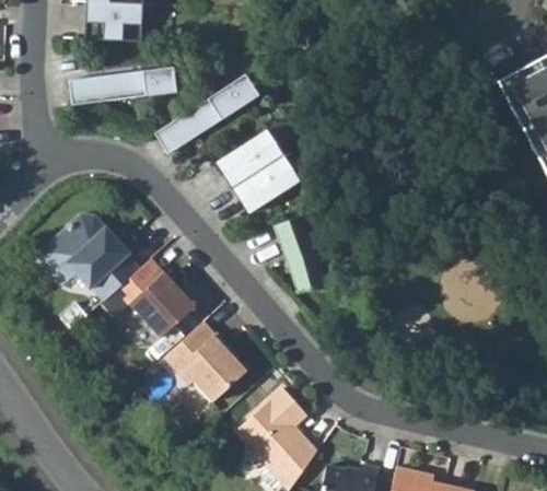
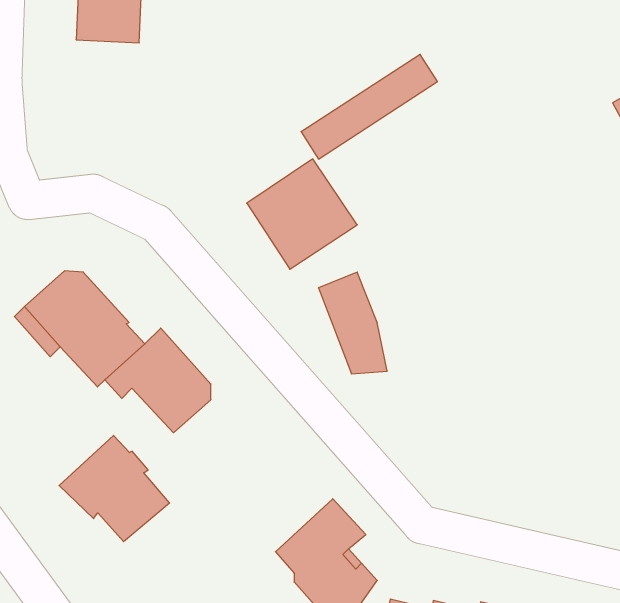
building: [69,70,176,105] -> none
building: [152,77,256,156] -> [301,54,437,159]
building: [162,320,246,401] -> [59,435,170,542]

